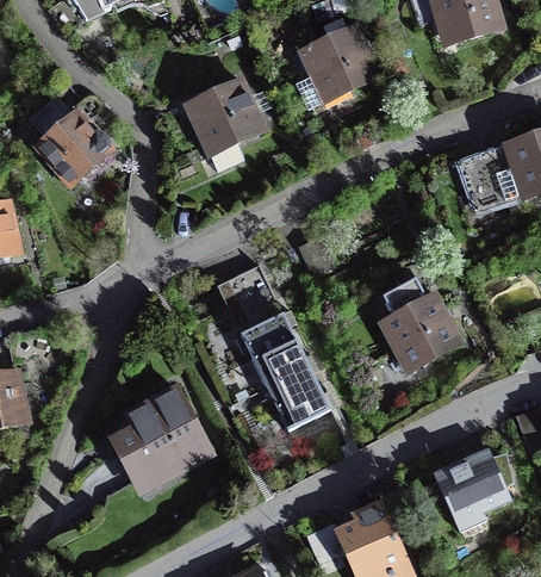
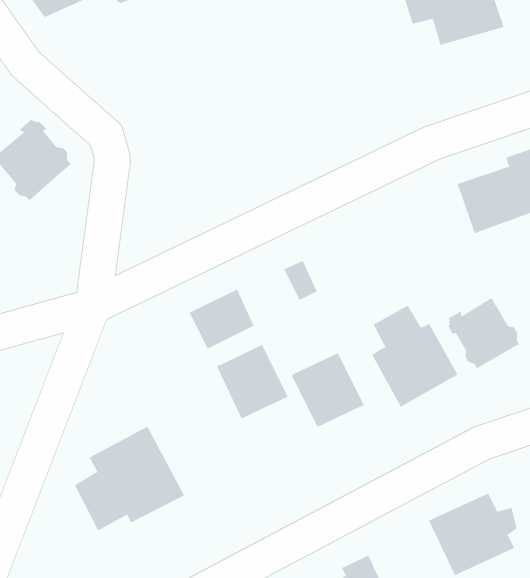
building: [297,26,378,103] -> none
building: [186,80,263,170] -> none
building: none -> [448,297,520,369]
building: [263,361,330,429] -> [291,353,365,428]

